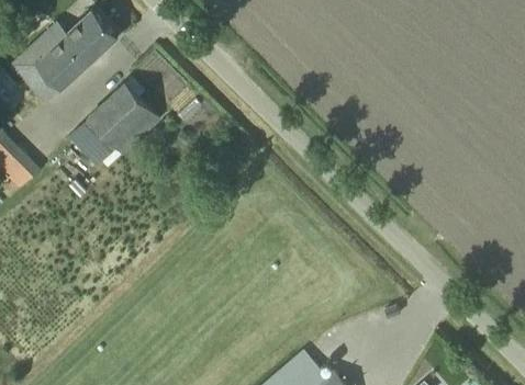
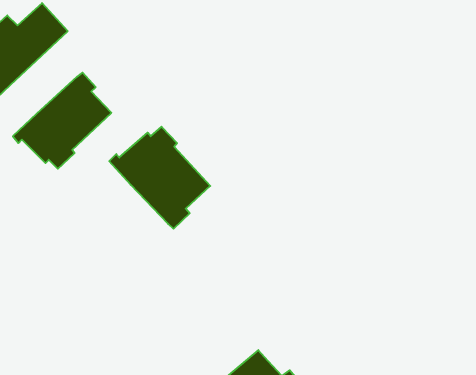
building: none -> [109,127,210,229]

